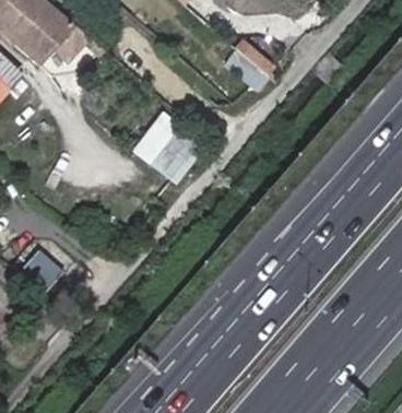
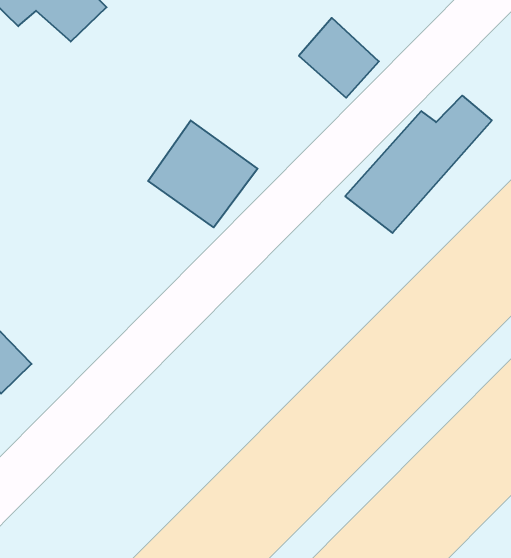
building: none -> [345,96,492,233]

